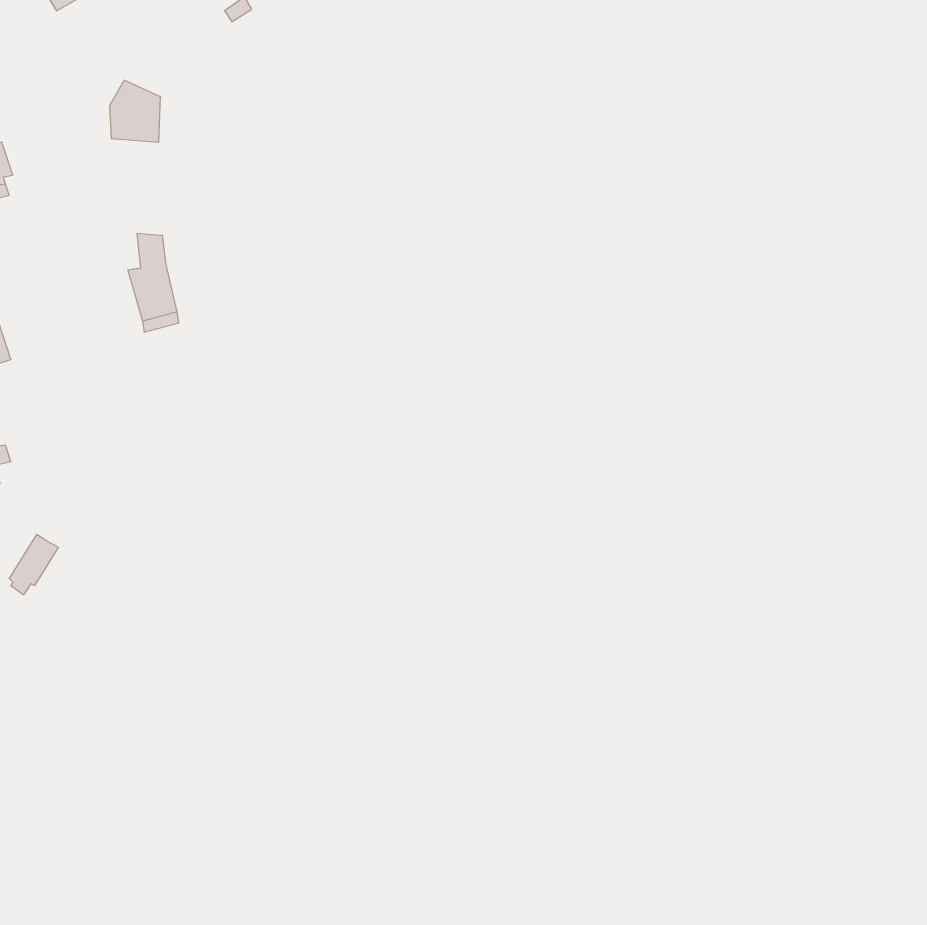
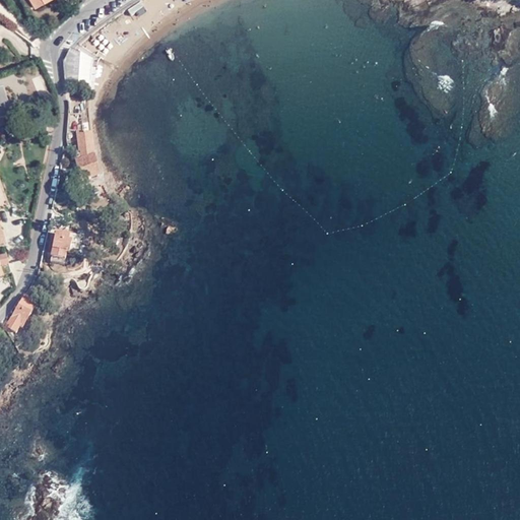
building: none -> [49,231,68,261]

